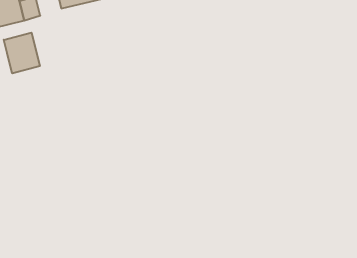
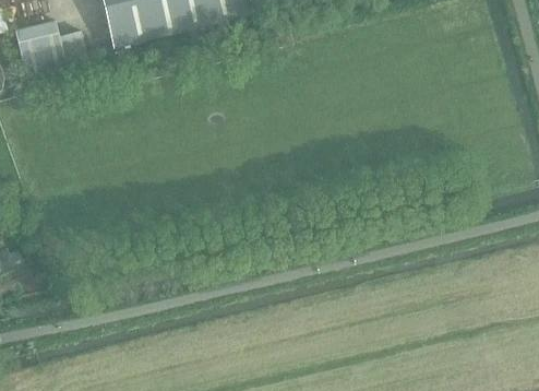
building: [4,33,40,73] -> none

